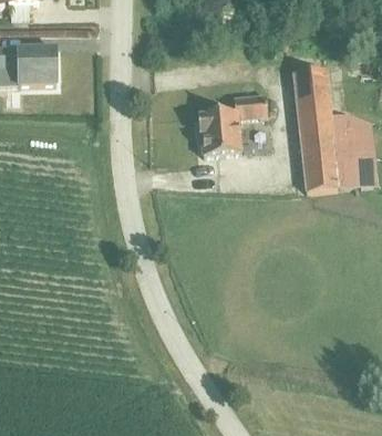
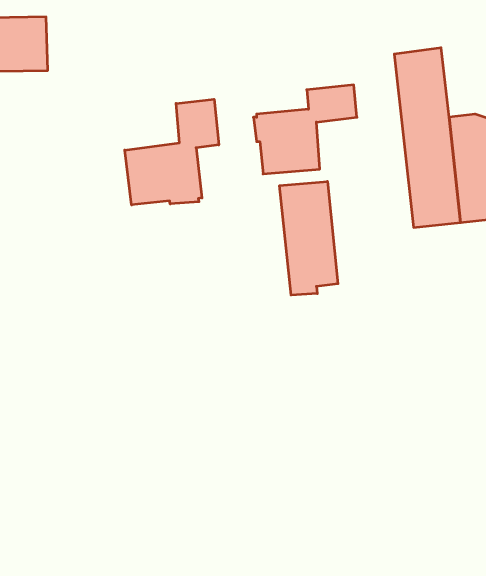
building: none -> [125,99,219,205]
building: none -> [280,181,338,295]

